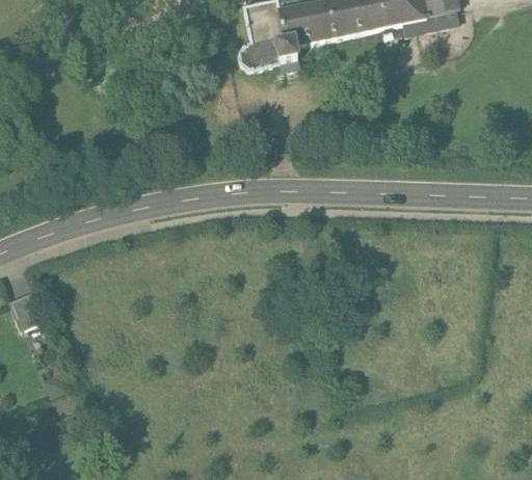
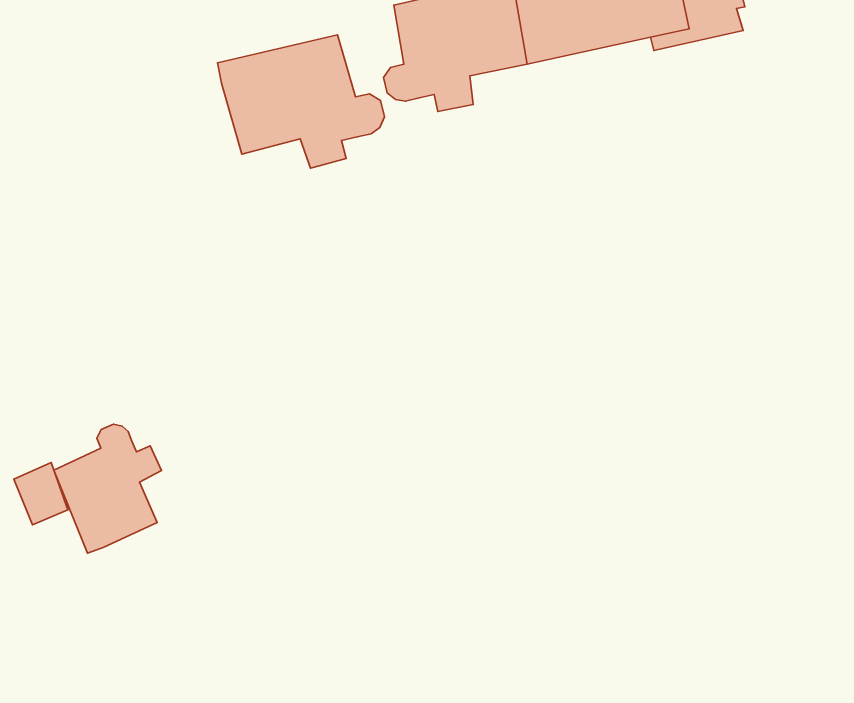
building: none -> [217,35,384,168]
building: none -> [54,424,162,553]

